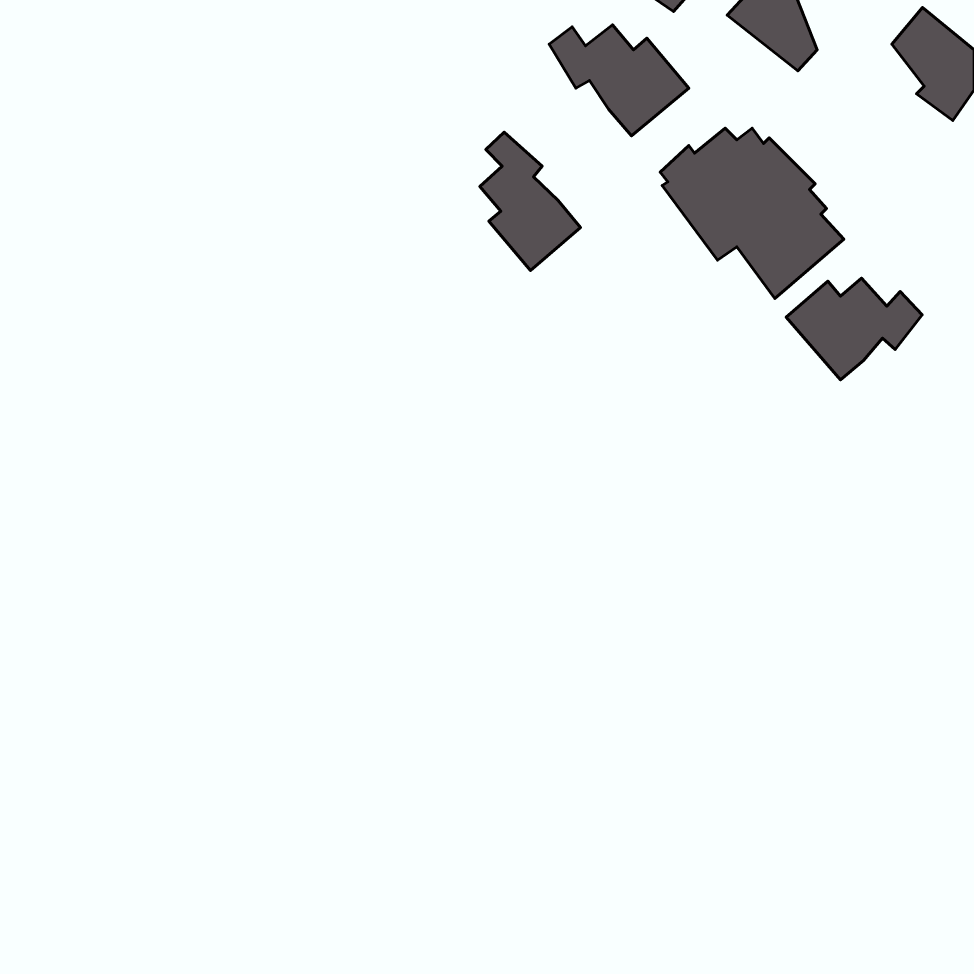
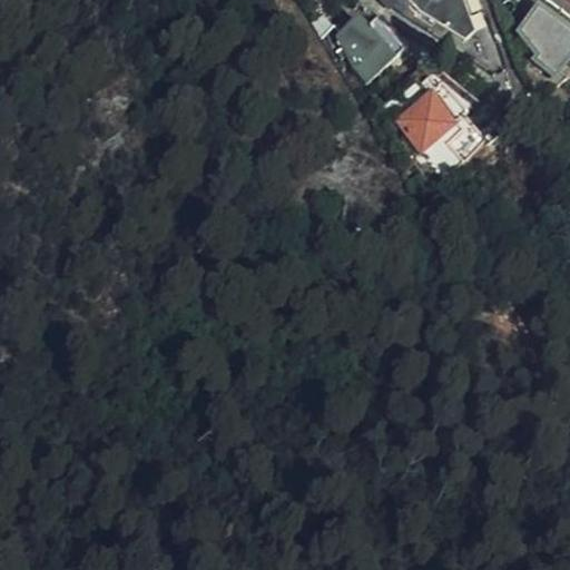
building: [480,132,581,270] -> none
building: [786,278,922,380] -> none

